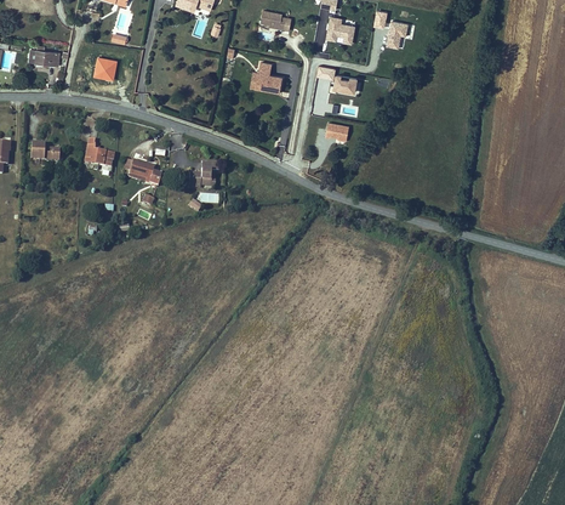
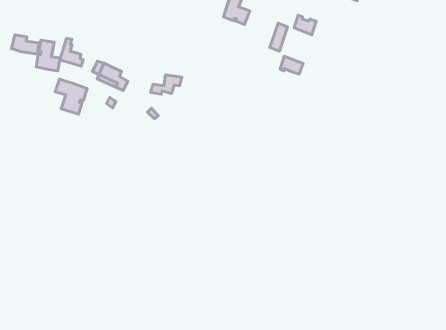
building: none -> [36,40,60,71]
building: none -> [55,79,87,114]

